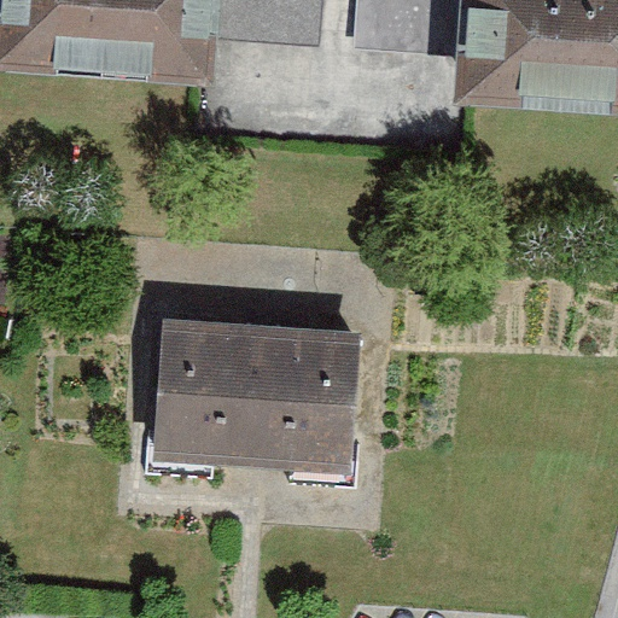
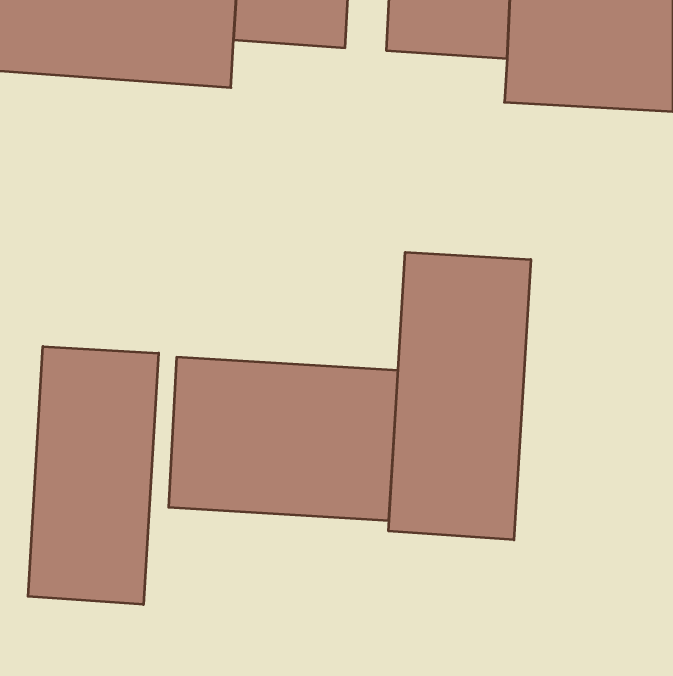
building: none -> [389,252,531,540]
building: none -> [28,346,159,605]

